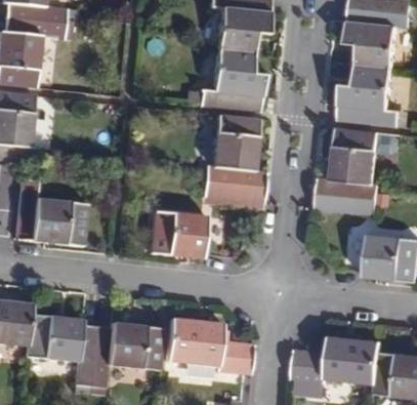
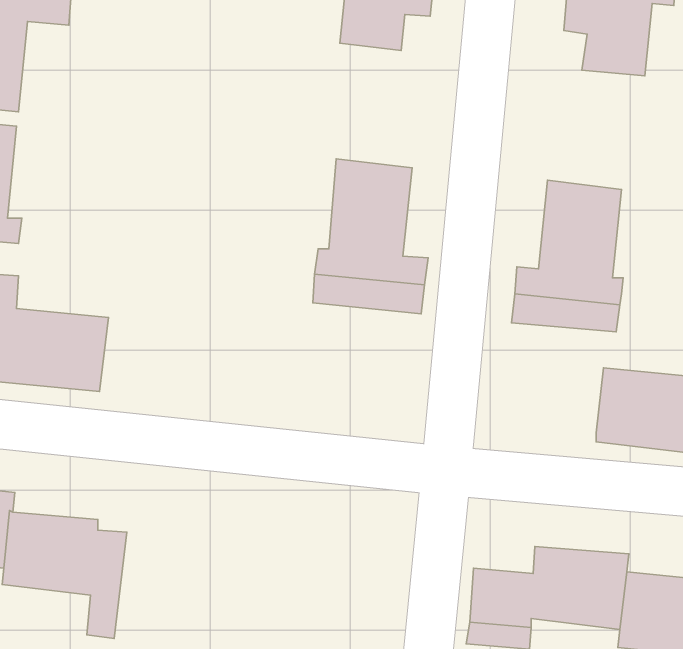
building: [201,49,264,111] -> none
building: [337,65,399,125] -> none
building: [150,211,206,259] -> none
building: [166,319,254,374] -> none
building: [90,323,164,389] -> none

